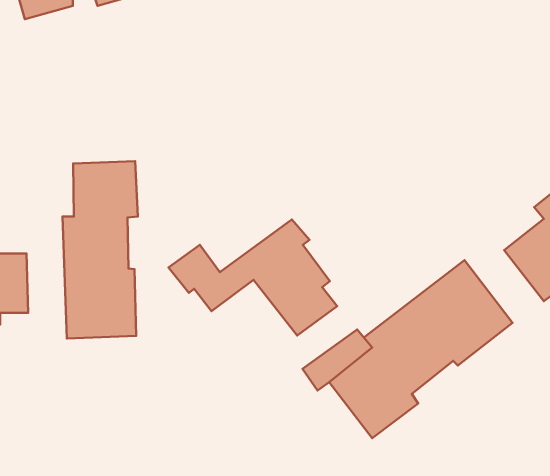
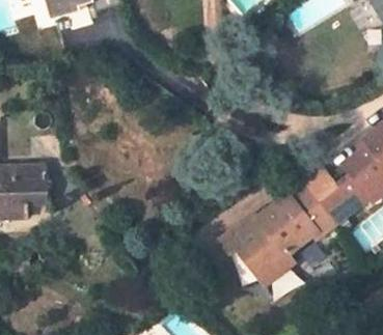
building: [63,161,138,339] -> none
building: [169,219,337,336] -> none

